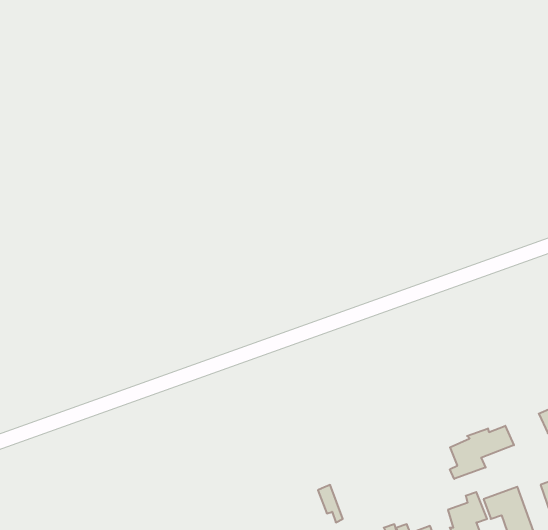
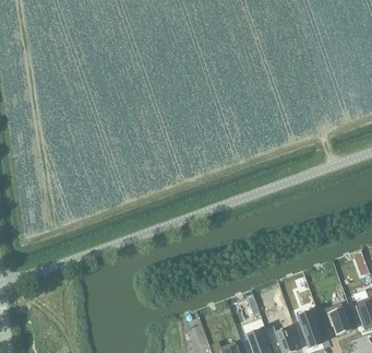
building: [450,426,514,479] -> none

